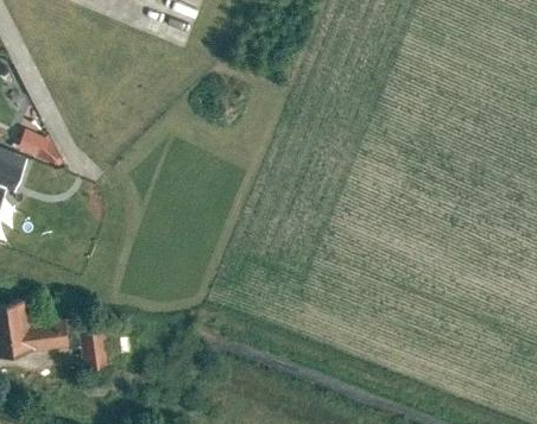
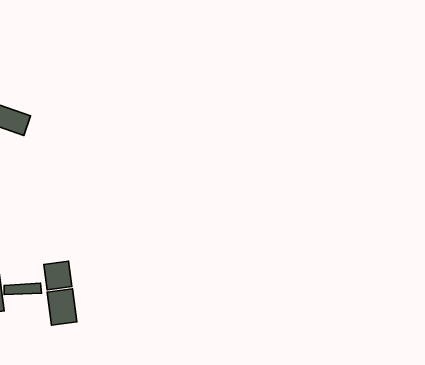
building: none -> [44,261,72,290]

